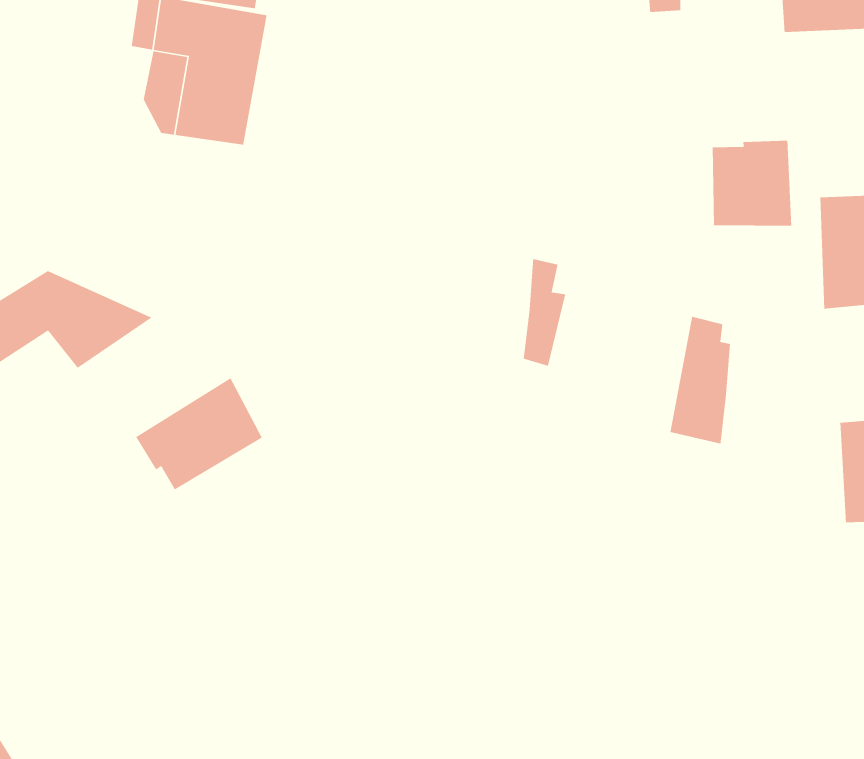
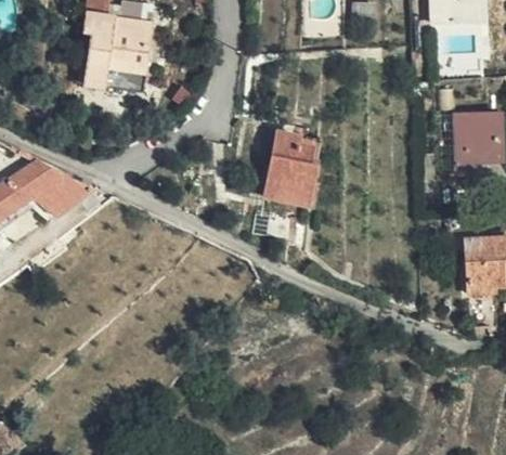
building: [712,140,792,227] -> none
building: [670,316,731,444] -> [264,138,298,208]
building: [135,377,263,491] -> none

